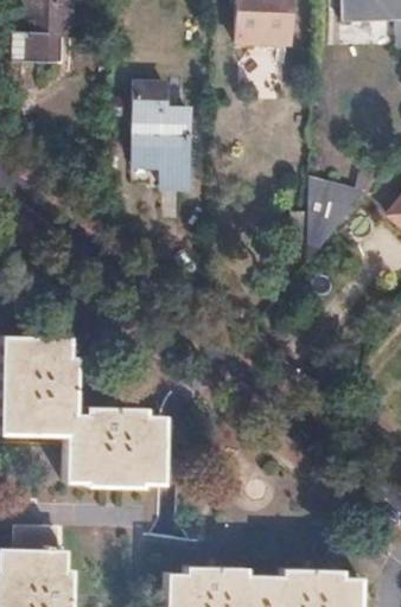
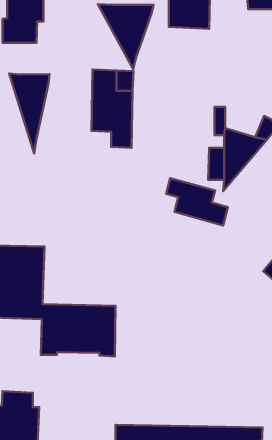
building: none -> [98,4,153,69]
building: none -> [9,74,50,153]
building: none -> [166,178,228,225]

